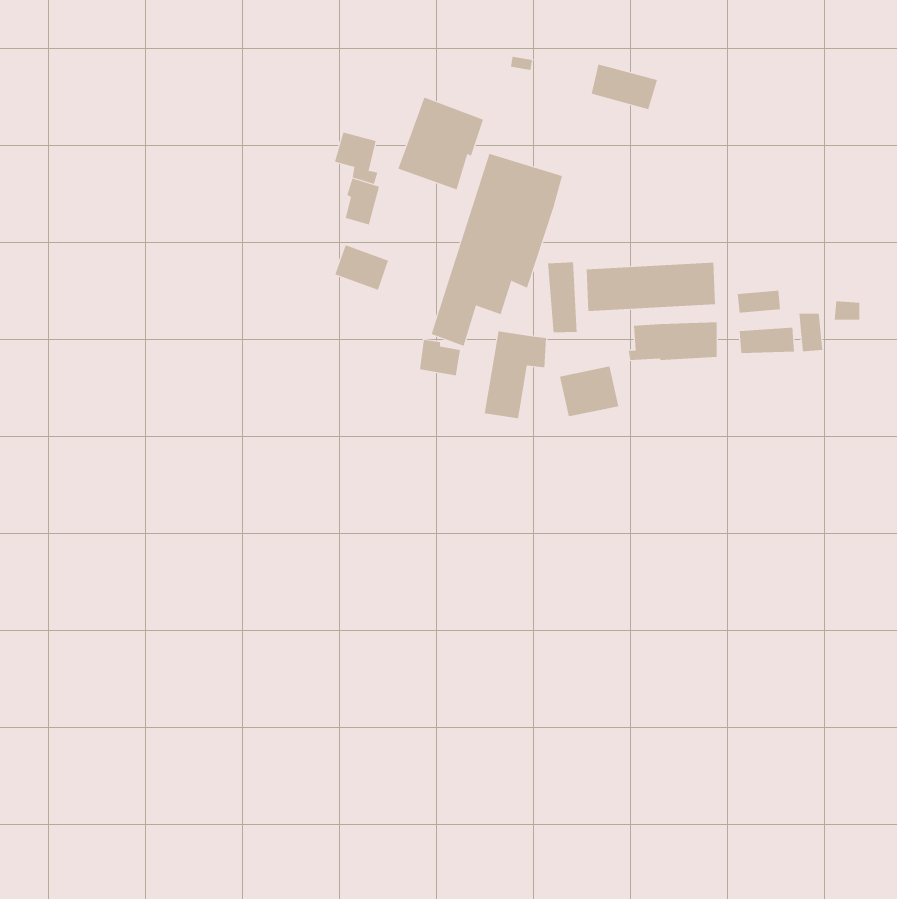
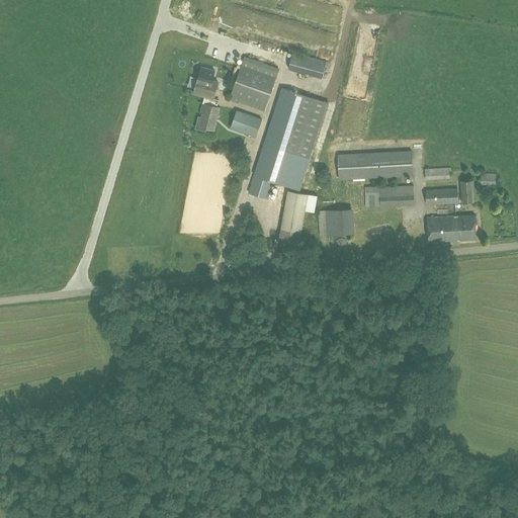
building: [591,64,658,110] -> [287,52,326,78]
building: [334,245,389,290] -> [230,110,261,137]
building: [547,262,577,333] -> none
building: [419,339,461,376] -> none
building: none -> [426,214,474,242]

